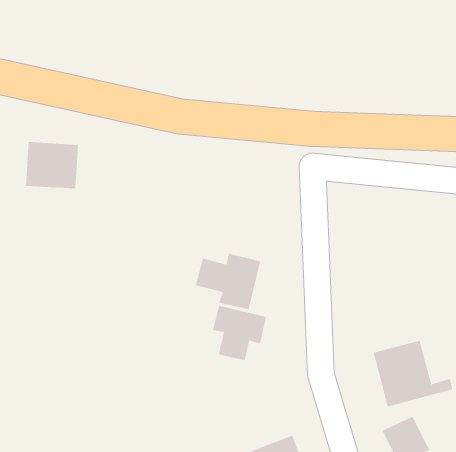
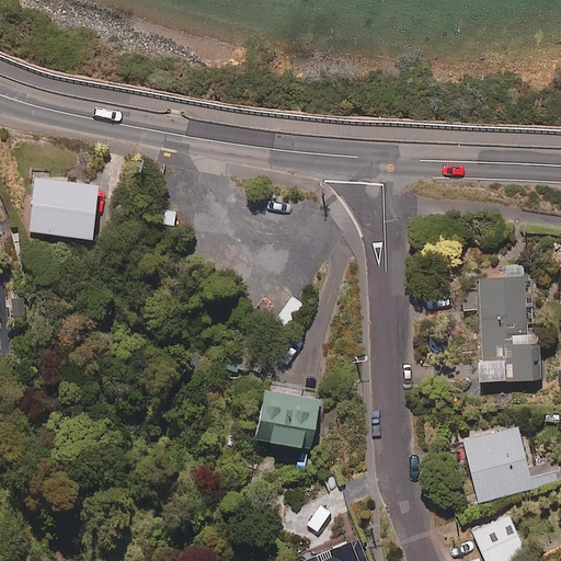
building: none -> [473,266,538,382]
building: [195,253,261,310] -> none

